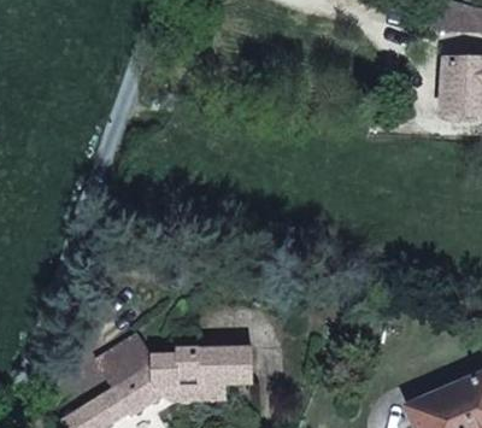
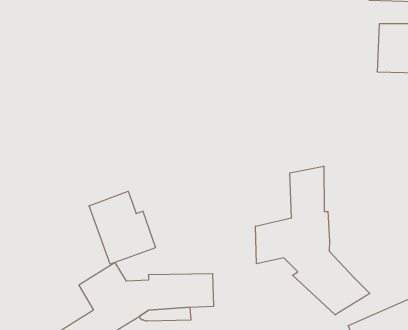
building: none -> [256,166,370,315]
building: none -> [89,191,155,264]

